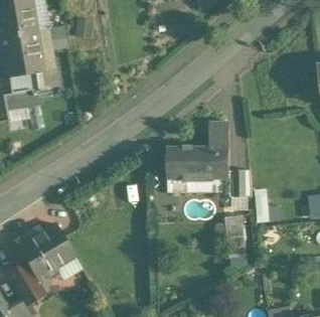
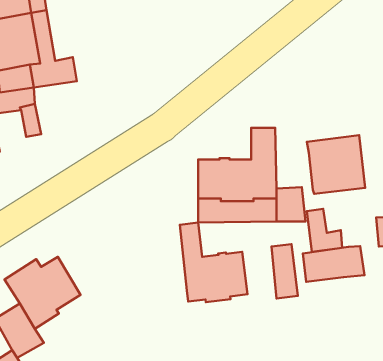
building: none -> [307,135,365,194]
building: none -> [180,223,247,302]
building: none -> [303,246,364,282]

